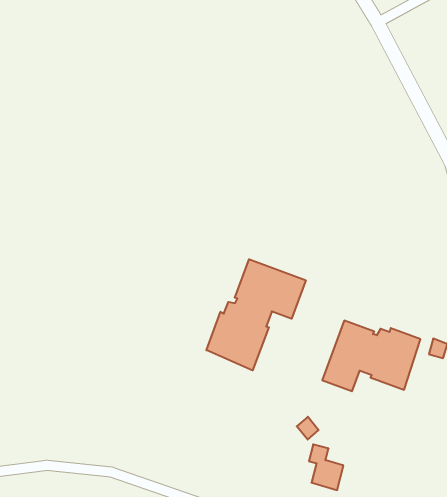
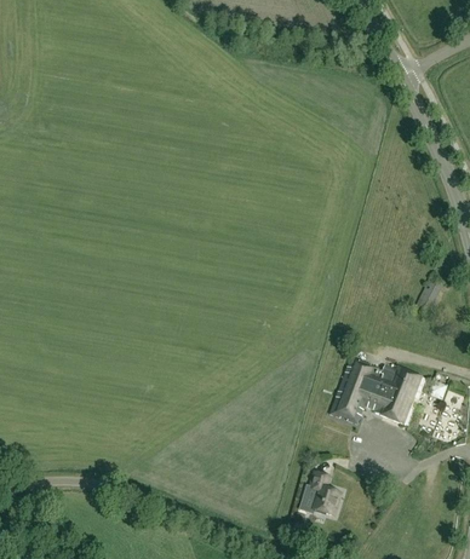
building: [206,259,306,370] -> none

